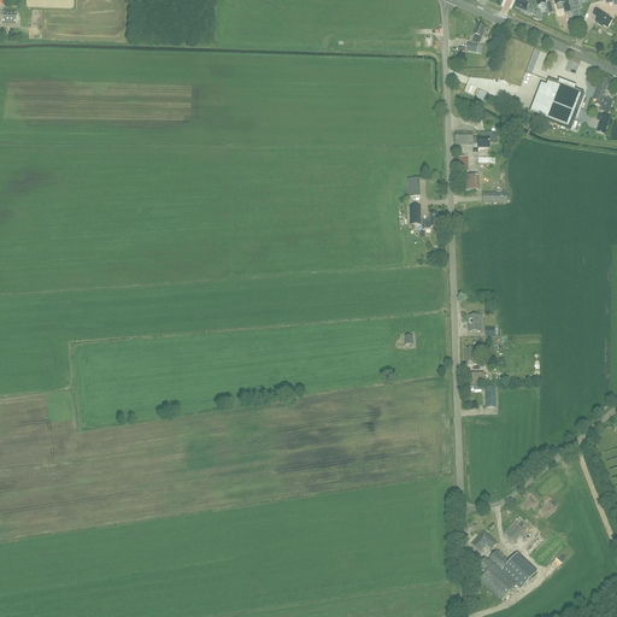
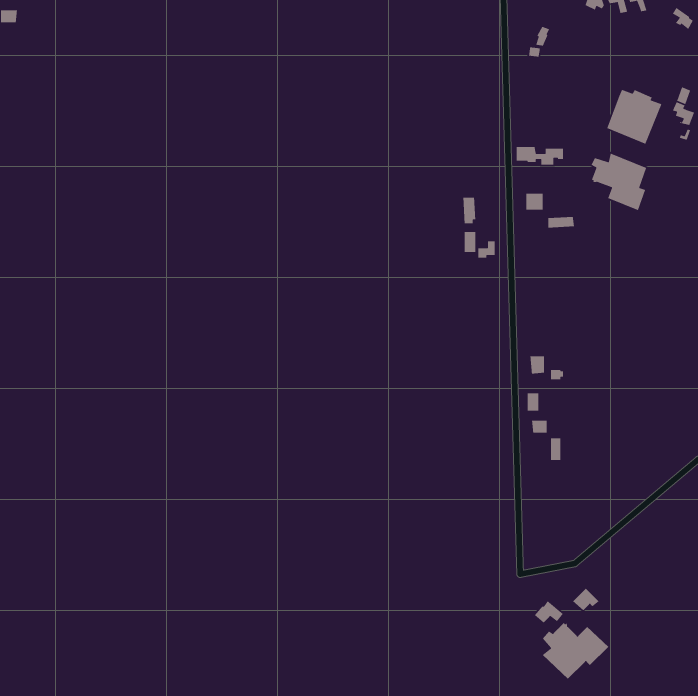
building: none -> [591,153,647,211]

